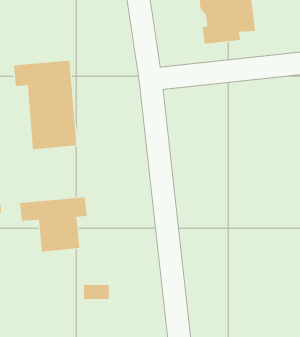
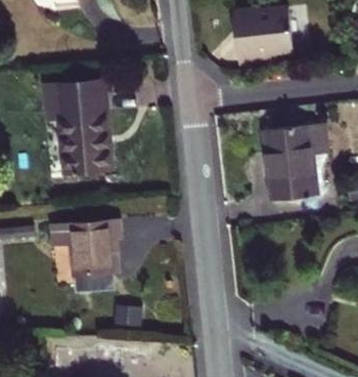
building: none -> [262,123,326,201]

